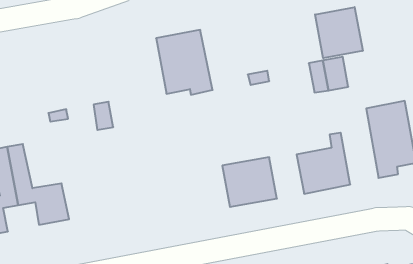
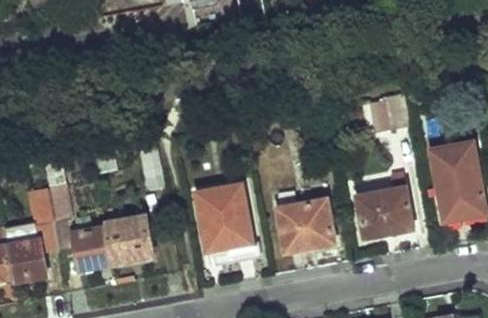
building: [315,7,363,58] -> none
building: [156,30,213,95] -> [196,182,256,251]
building: none -> [105,216,153,265]

